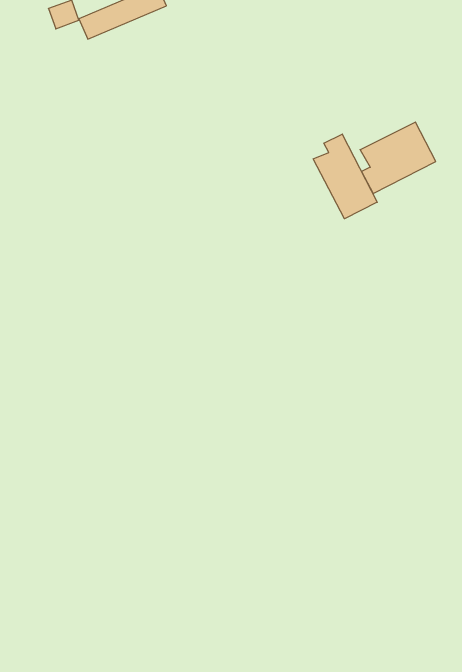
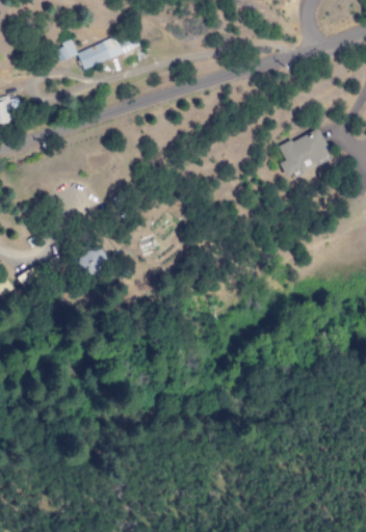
building: [313,134,377,219] -> none
building: none -> [76,248,108,276]

